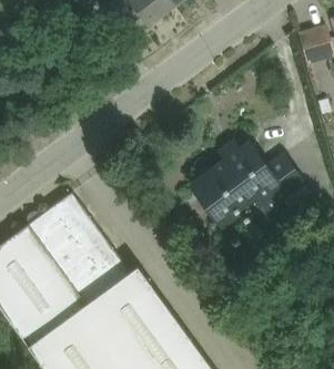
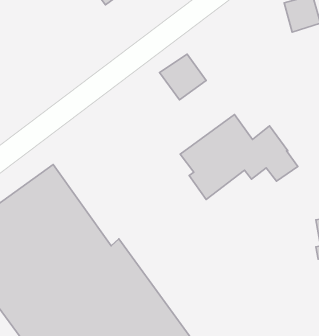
building: none -> [160,54,206,100]

